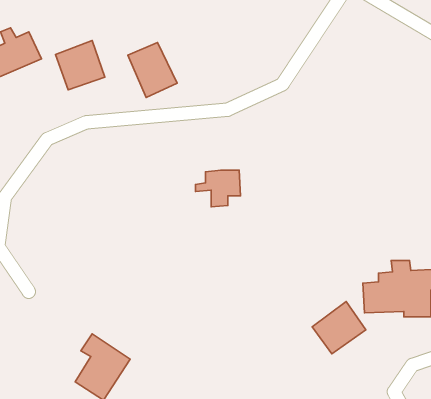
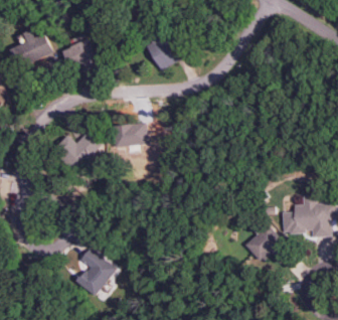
building: [128,42,177,97] -> [144,31,179,70]
building: none -> [54,132,101,170]
building: [196,170,241,207] -> [113,125,145,151]

